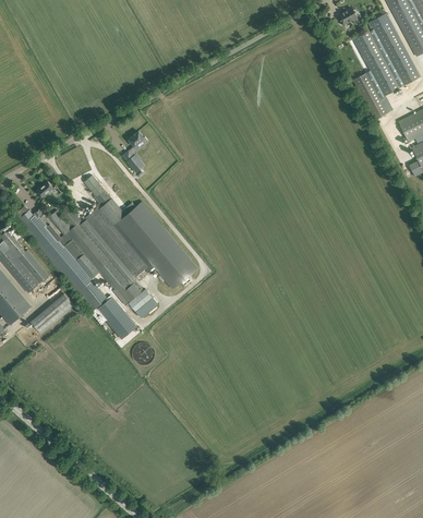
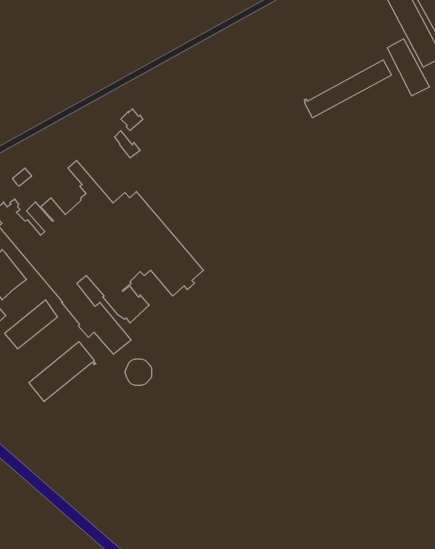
building: none -> [304,60,391,118]
building: none -> [29,342,96,402]

